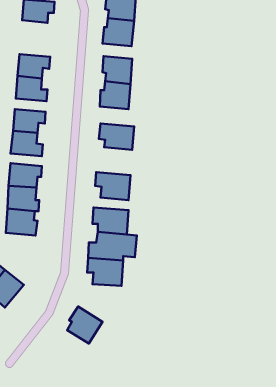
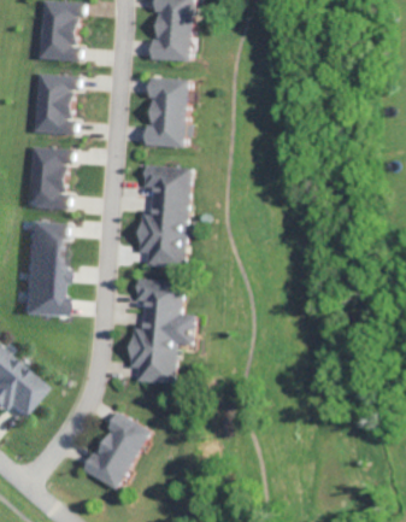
building: none -> [40,28,82,61]
building: none -> [141,198,189,235]
building: none -> [81,442,131,489]

